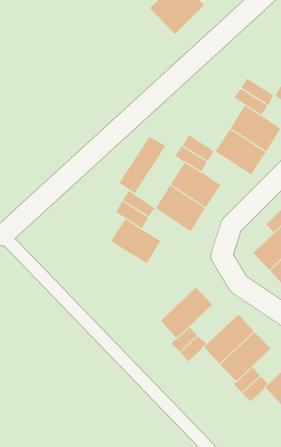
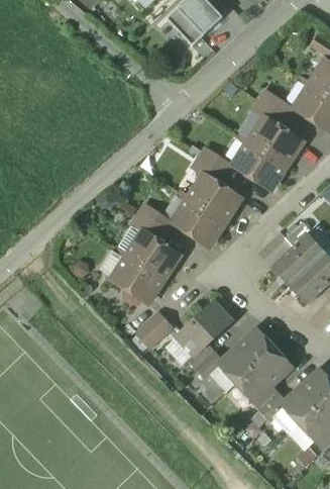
building: [119,136,166,194] -> none
building: none -> [111,256,164,303]
building: none -> [137,314,171,347]

